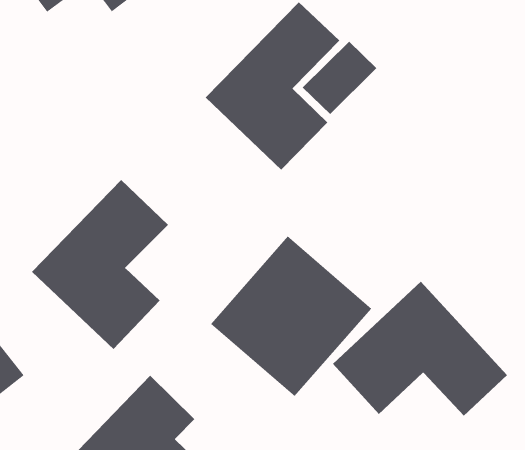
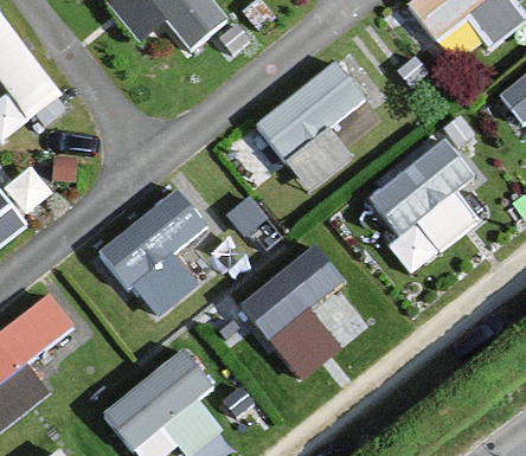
building: none -> [363,135,501,272]
building: [332,281,508,417] -> none

